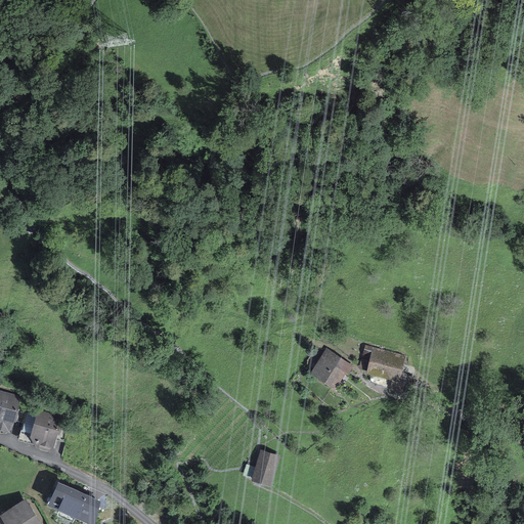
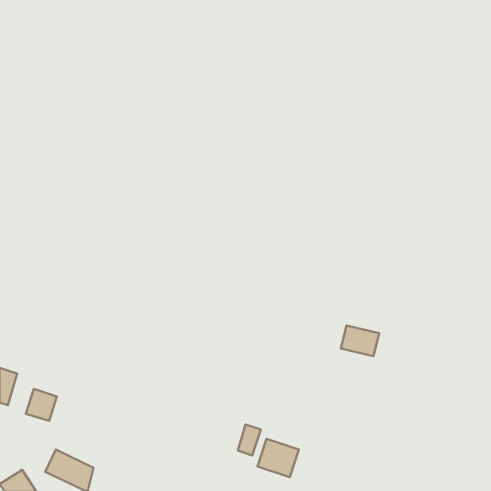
building: [311,350,348,385] -> none
building: none -> [258,439,299,477]

